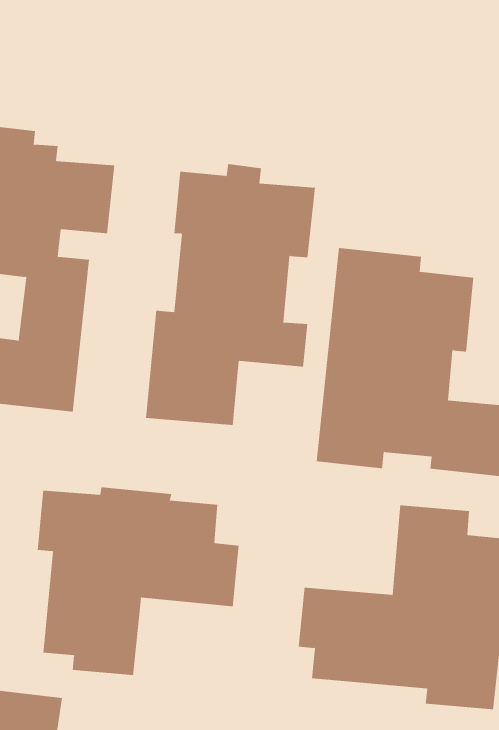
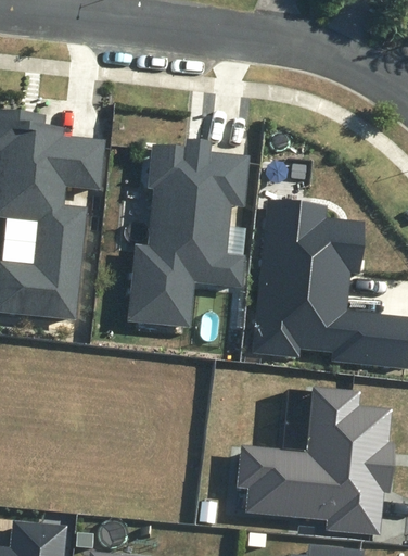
building: [37,487,239,676] -> none

